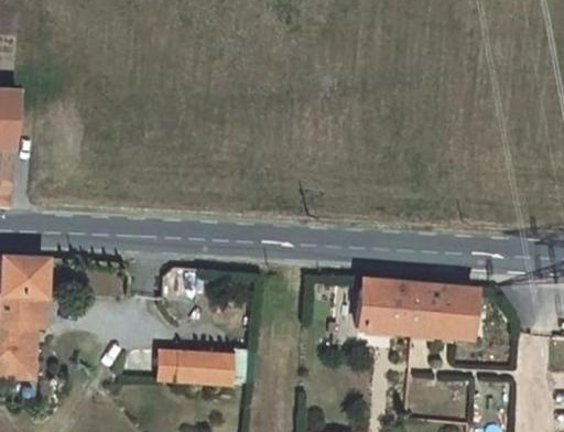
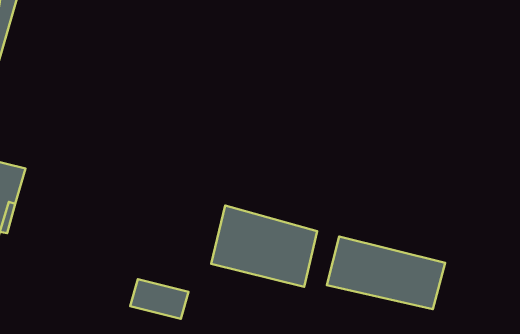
building: none -> [211,205,317,287]

